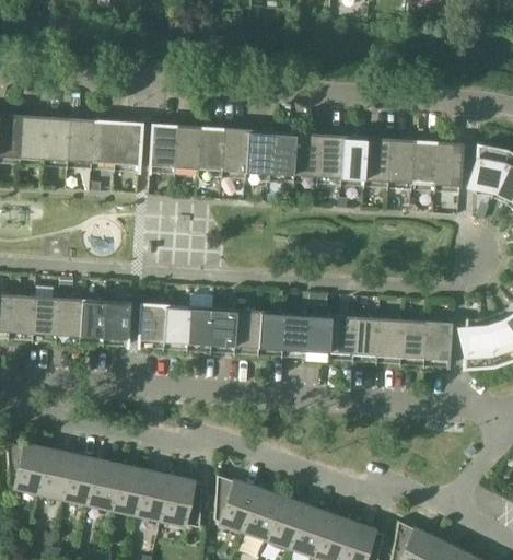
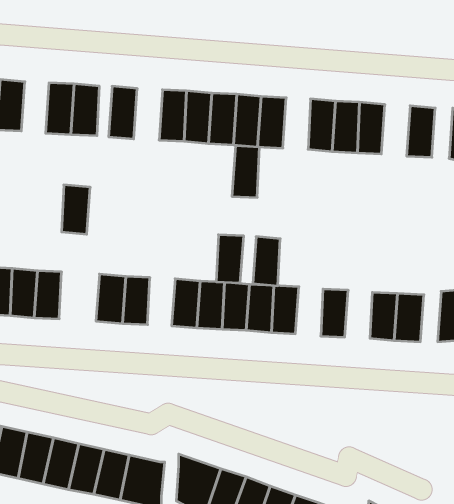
building: [67,118,93,167] -> none
building: [174,125,201,174] -> none
building: [316,133,342,183] -> [232,146,259,197]
building: [410,140,438,189] -> none
building: [103,300,130,347] -> [62,185,90,234]
building: [187,305,213,351] -> [216,235,244,283]
building: [328,314,354,361] -> [253,237,280,286]
building: [375,317,401,363] -> none

